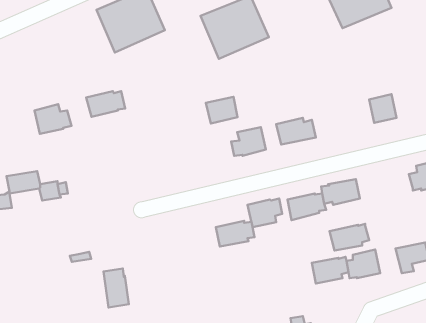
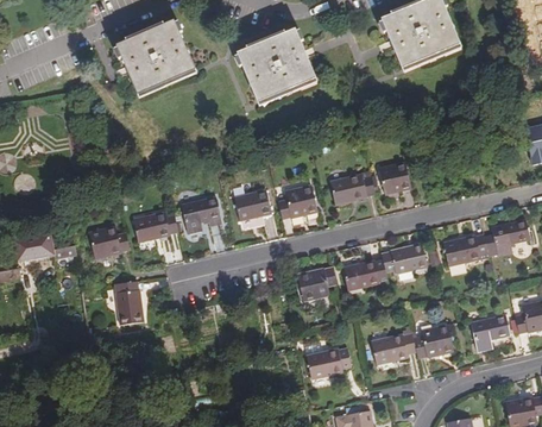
building: [86,91,125,117] -> [131,211,176,240]
building: [369,94,397,123] -> [378,161,410,194]
building: [206,97,237,123] -> [232,188,269,219]
building: [35,104,71,134] -> [86,221,128,256]
building: none -> [178,195,218,232]
building: [216,221,255,246] -> [302,348,347,378]
building: [329,224,369,250] -> [441,236,487,266]
building: [103,269,129,307] -> [113,280,143,325]

